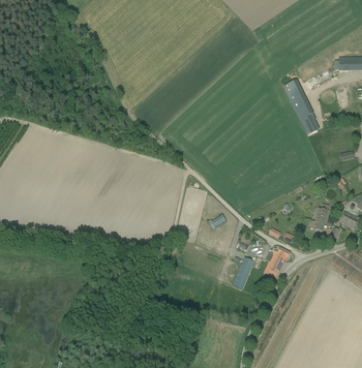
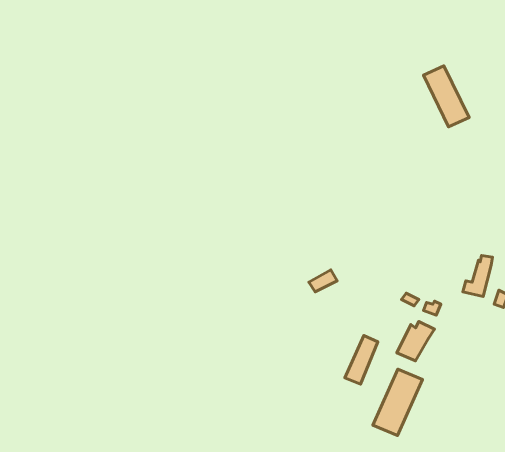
building: none -> [373,369,422,436]

